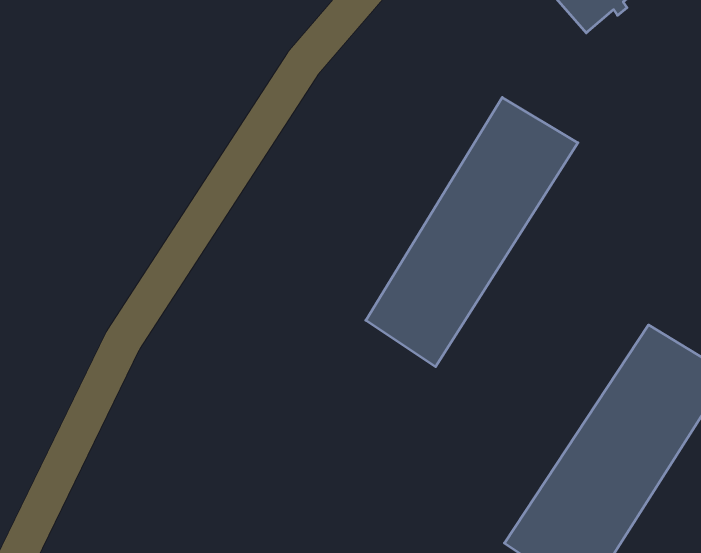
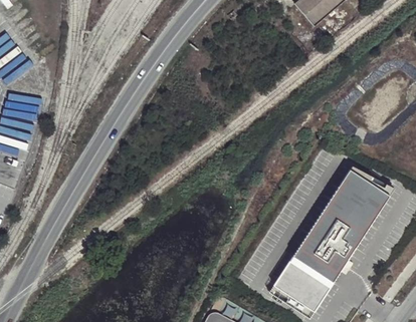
building: [366,97,578,367] -> none

